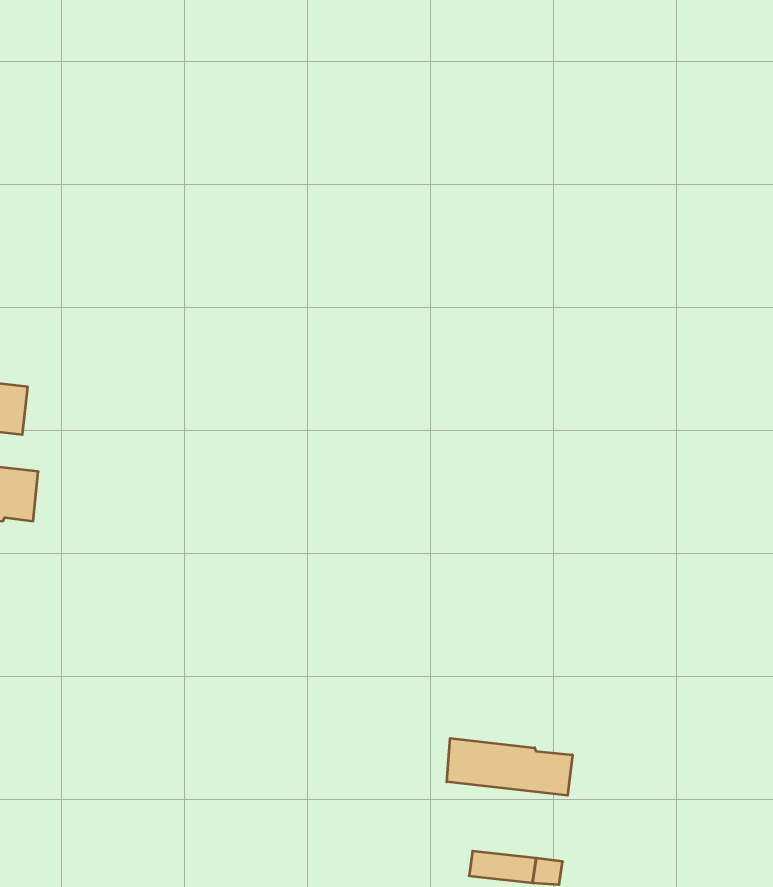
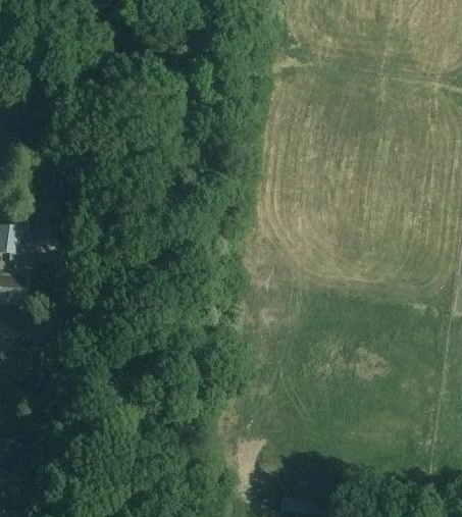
building: [447,738,572,795] -> none

